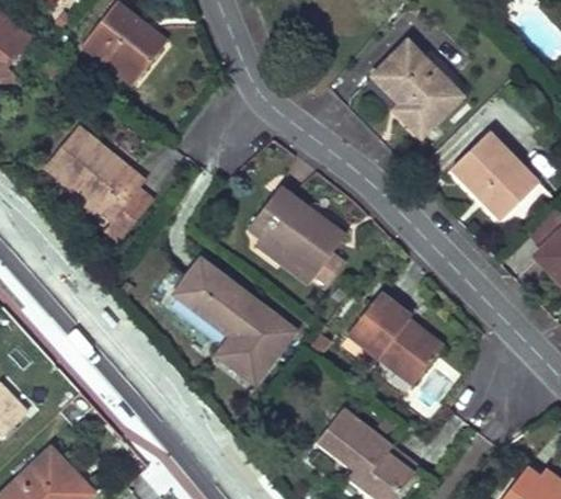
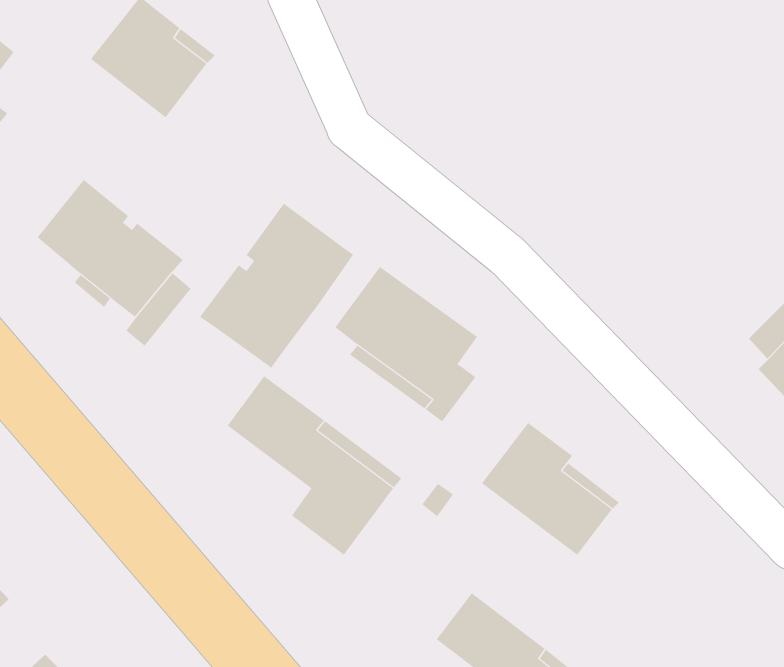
building: [374,42,461,136] -> none
building: [453,131,539,218] -> none
building: none -> [199,203,354,369]

